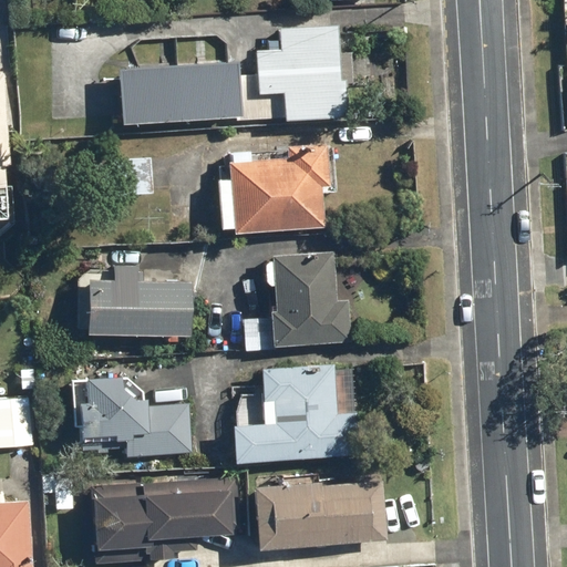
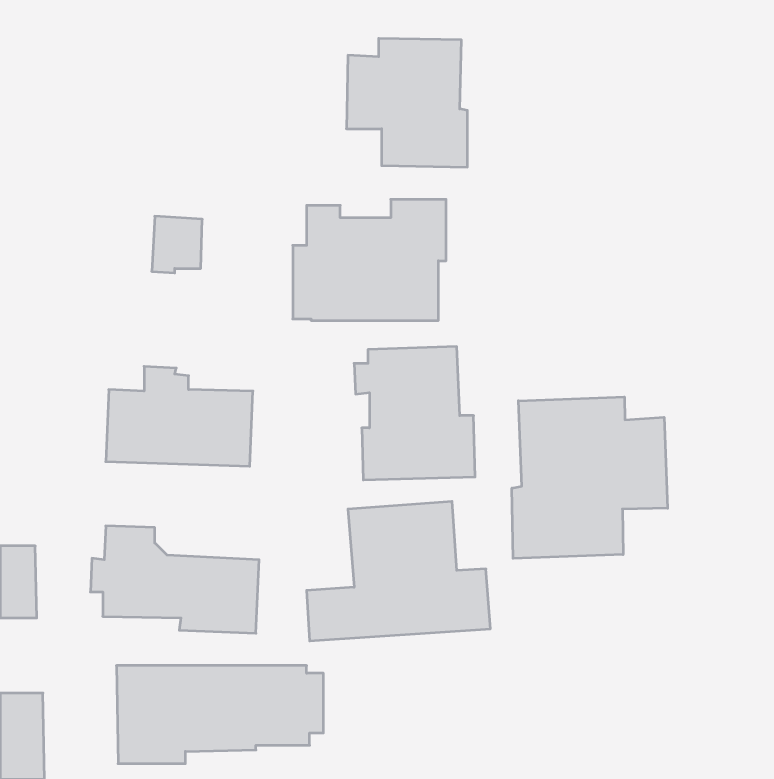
building: [115,61,240,123] -> none
building: none -> [512,397,668,558]
building: [248,482,385,549] -> none

